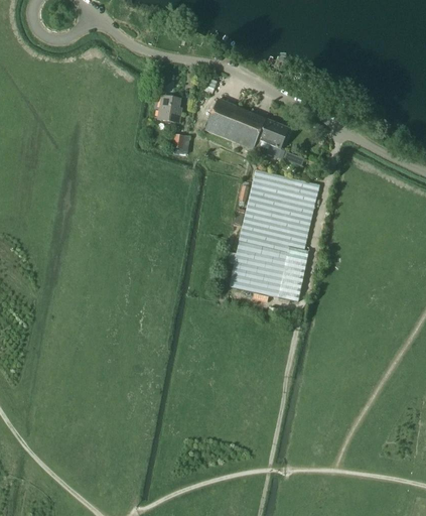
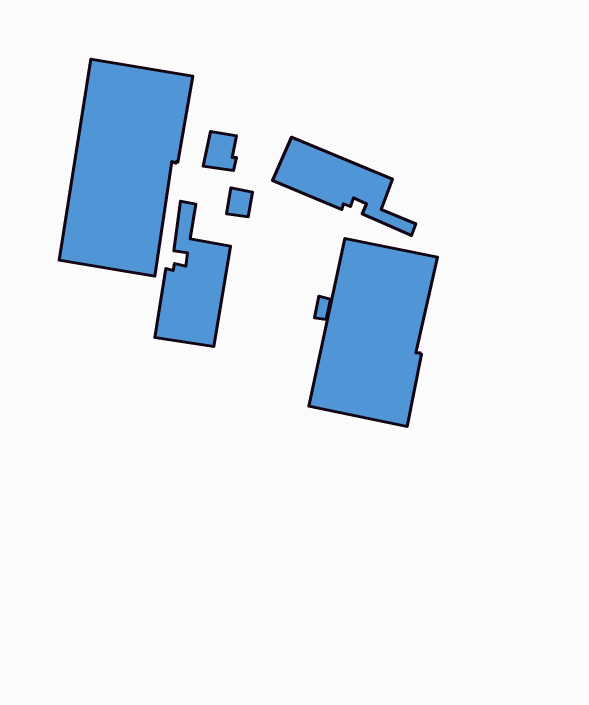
building: none -> [59,59,193,276]
building: none -> [155,201,231,347]

